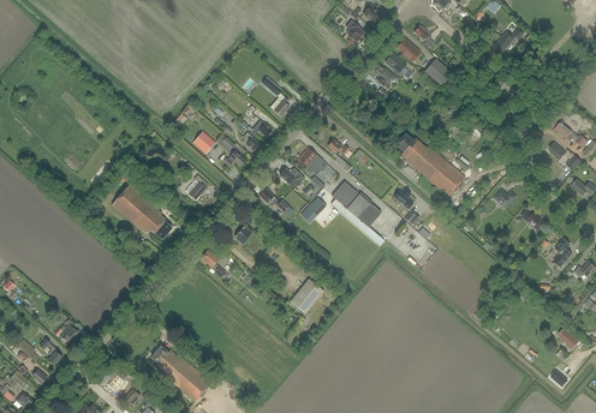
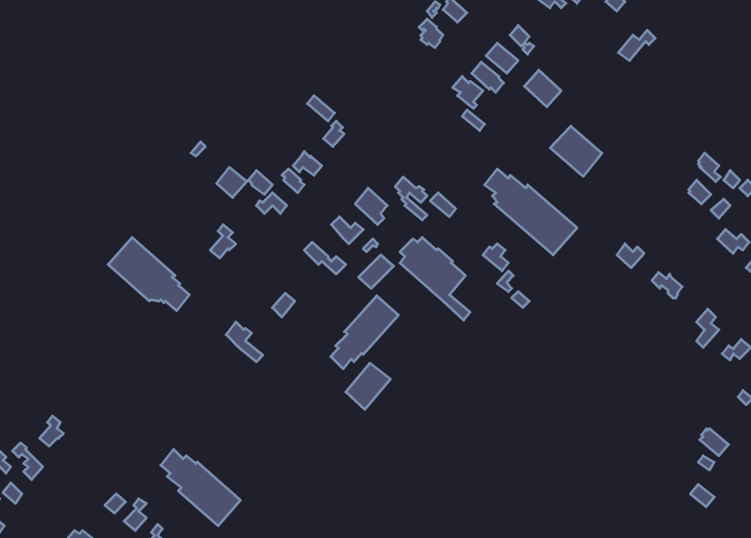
building: none -> [550,126,602,176]
building: none -> [331,296,398,369]

